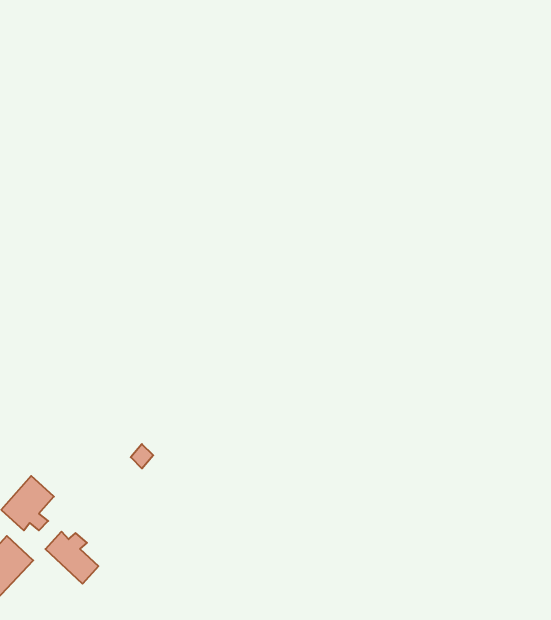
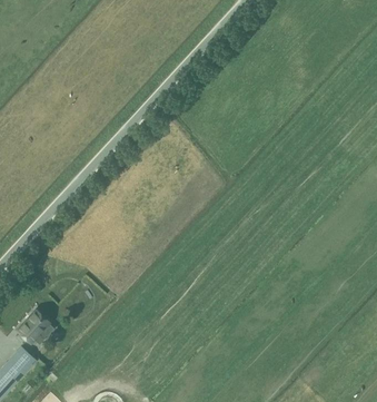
building: [45,532,98,584] -> none

